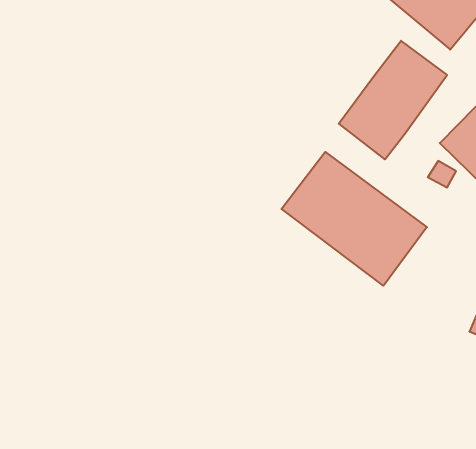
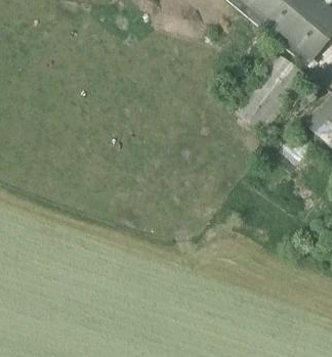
building: [281,152,427,286] -> none

